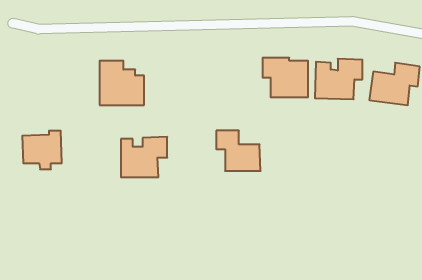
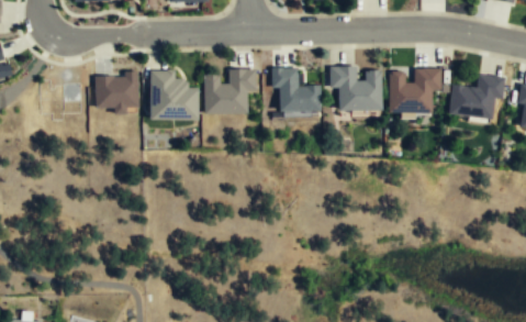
building: [216,131,261,171] -> [272,67,322,112]
building: [22,131,62,169] -> [96,70,139,113]
building: [121,137,167,177] -> [204,67,256,112]

